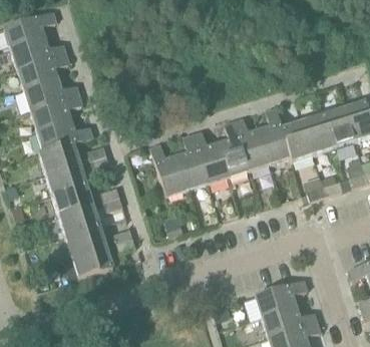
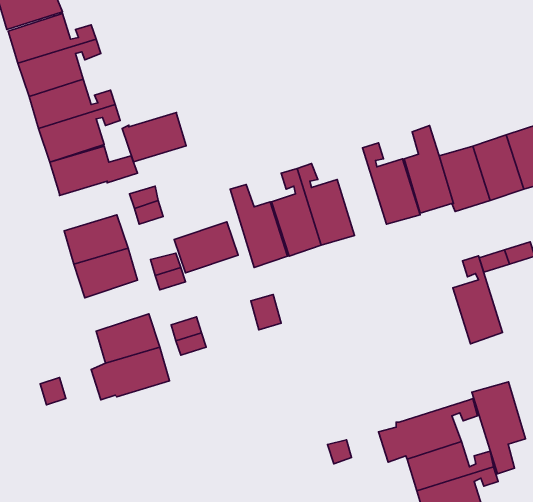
building: [219,120,250,176] -> [453,256,502,344]
building: [40,141,80,172] -> [122,112,186,162]
building: [60,204,100,236] -> [174,222,238,273]
building: none -> [472,382,525,474]

